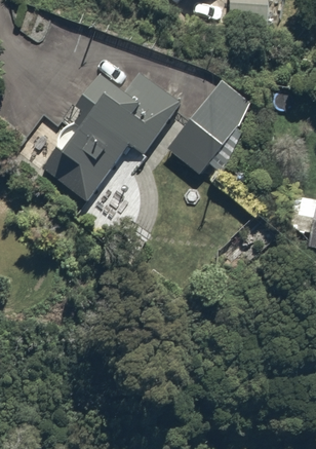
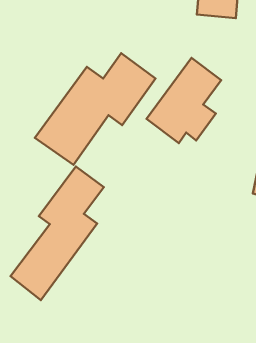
building: none -> [10,167,104,300]

